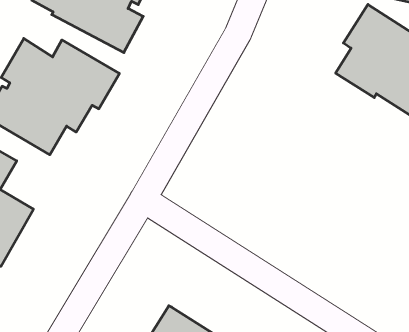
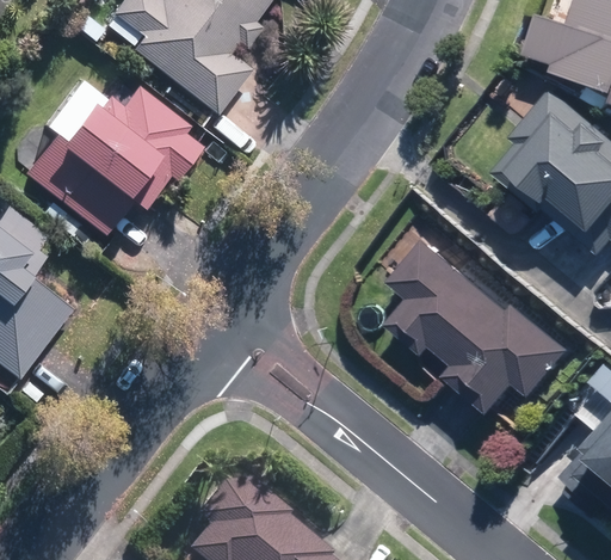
building: none -> [388,236,572,413]

